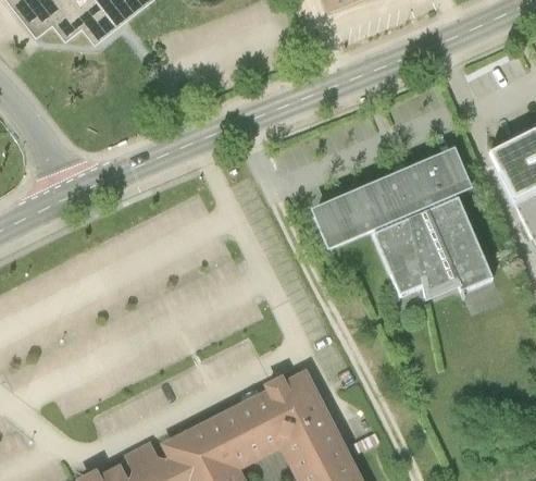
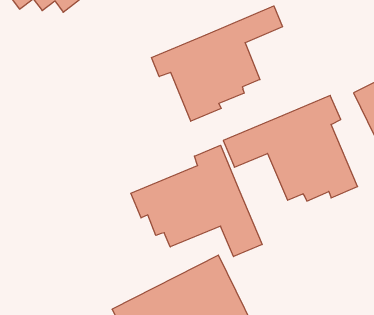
building: none -> [152,6,283,121]
building: none -> [131,145,262,257]

